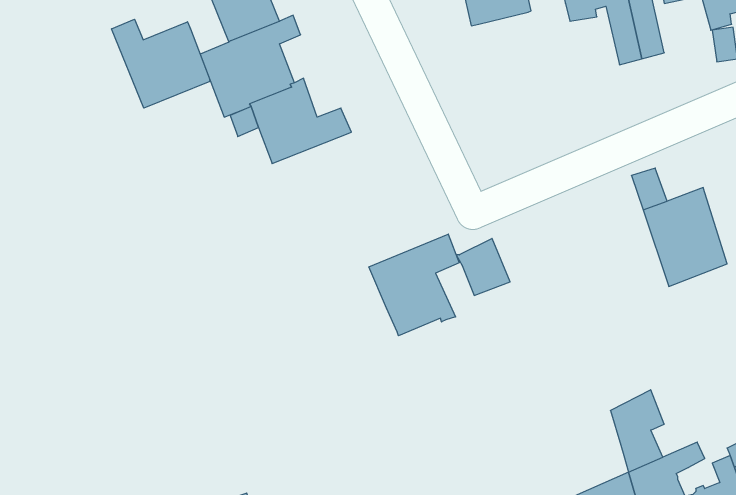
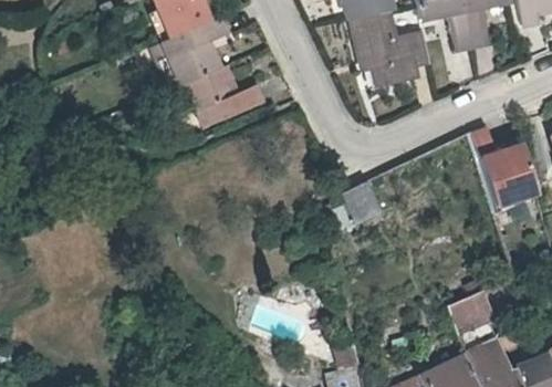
building: none -> [356,14,433,90]
building: [112,19,210,108] -> none
building: [369,234,459,336] -> none

